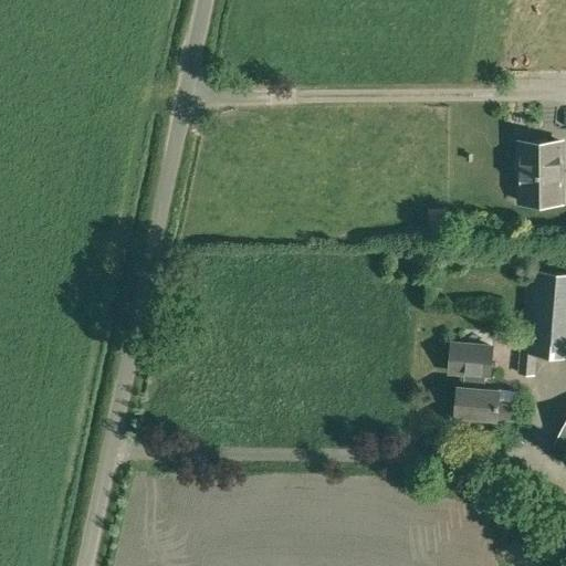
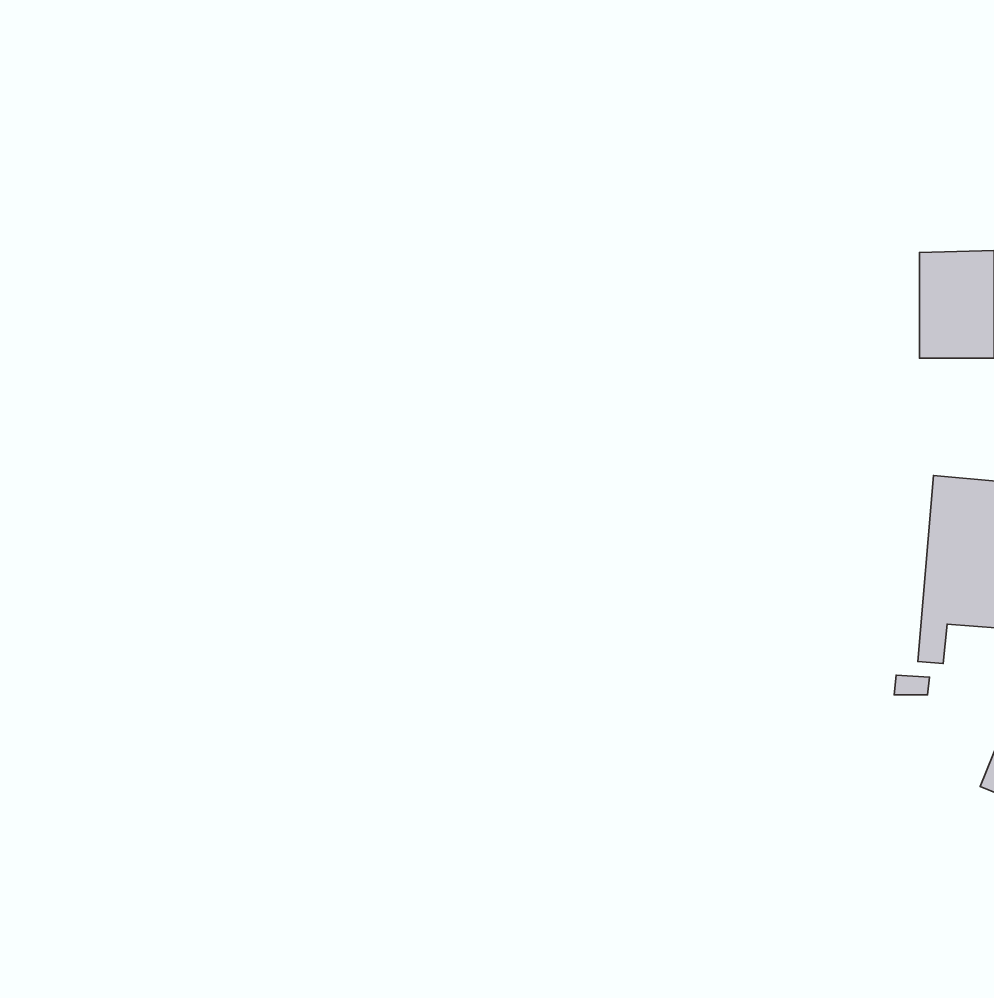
building: [452,345,520,419] -> none

